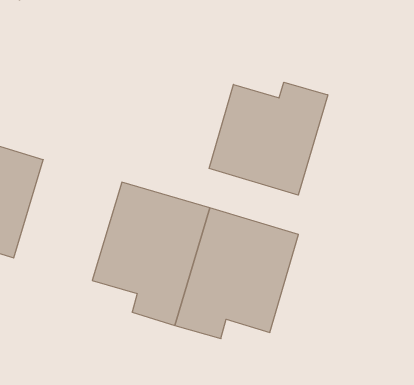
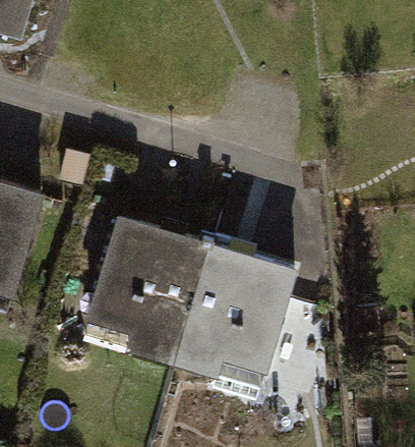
building: [209,82,328,195] -> none

